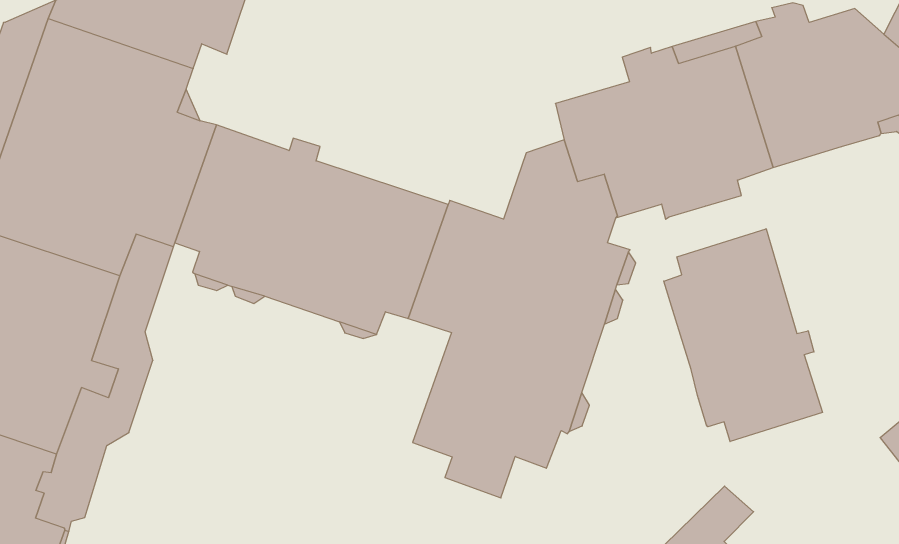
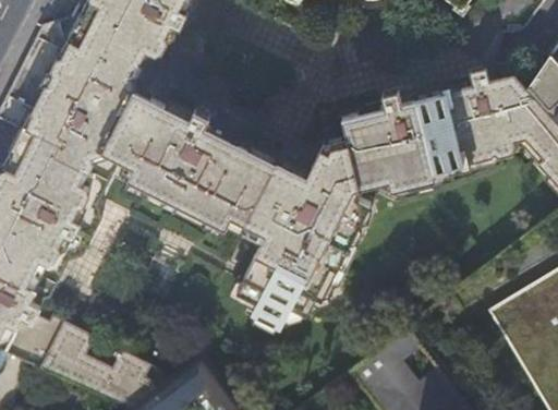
building: [664,229,823,442] -> none

